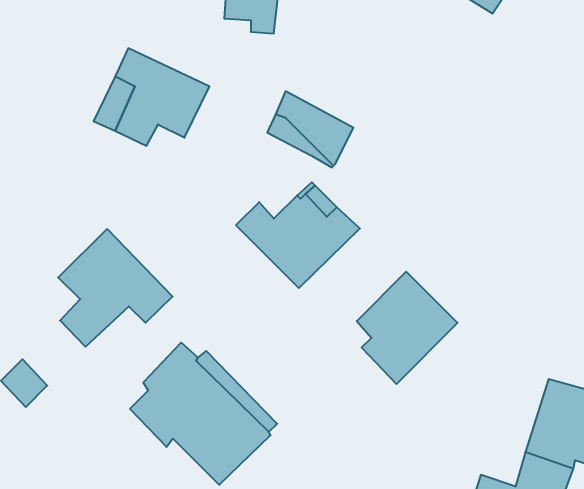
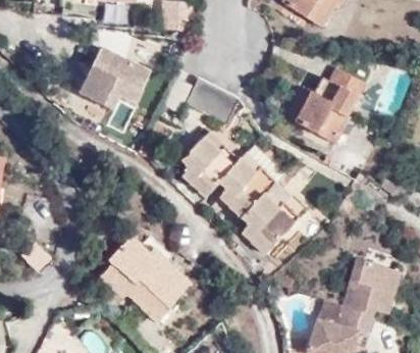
building: none -> [294,66,365,143]
building: none -> [204,149,280,217]
building: [58,229,173,347] -> none

